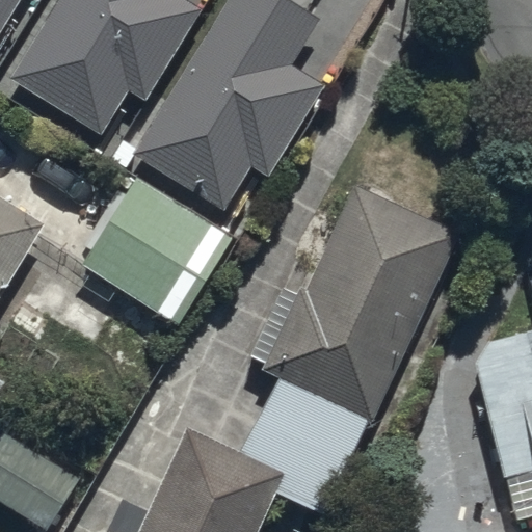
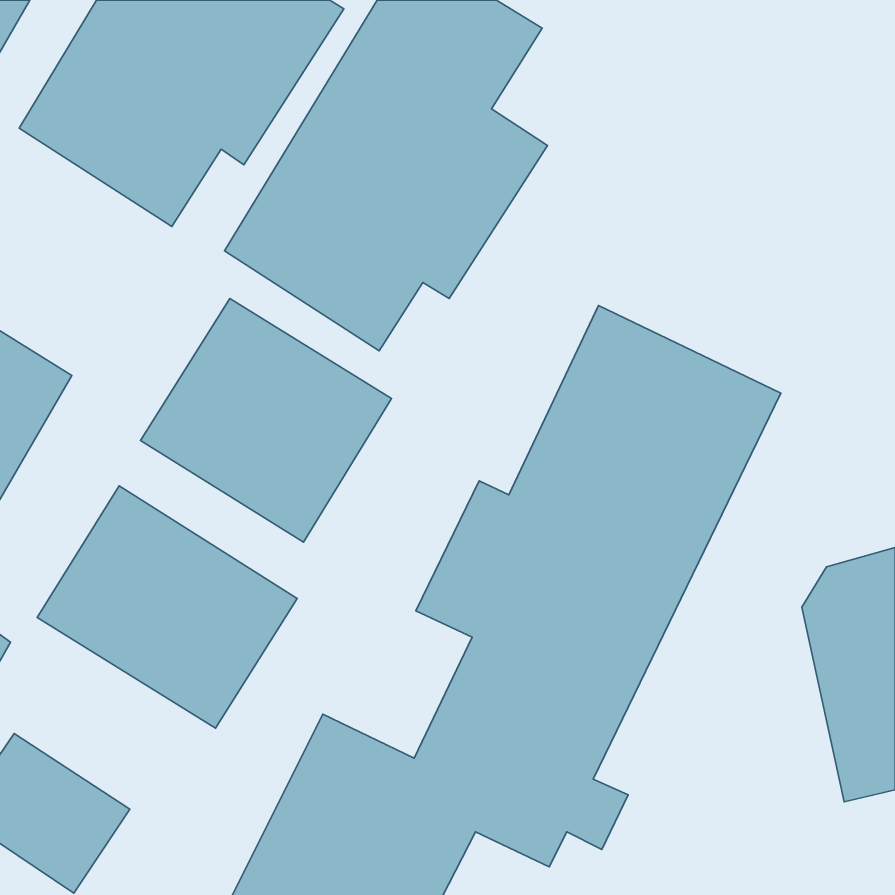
building: none -> [37,486,297,728]

